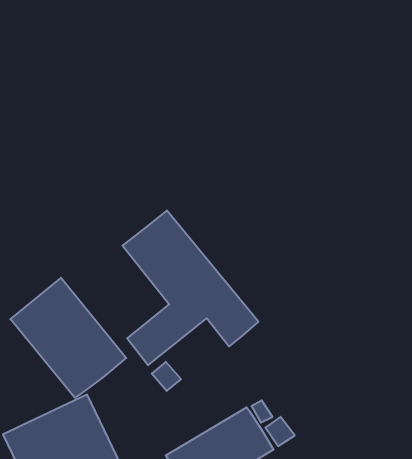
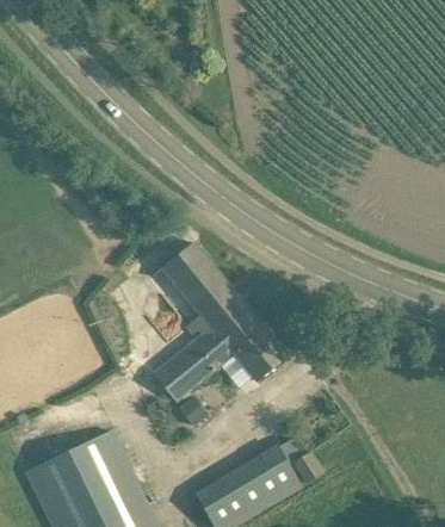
building: [10,278,126,398] -> none

